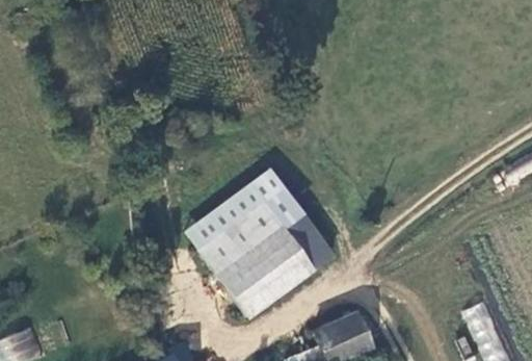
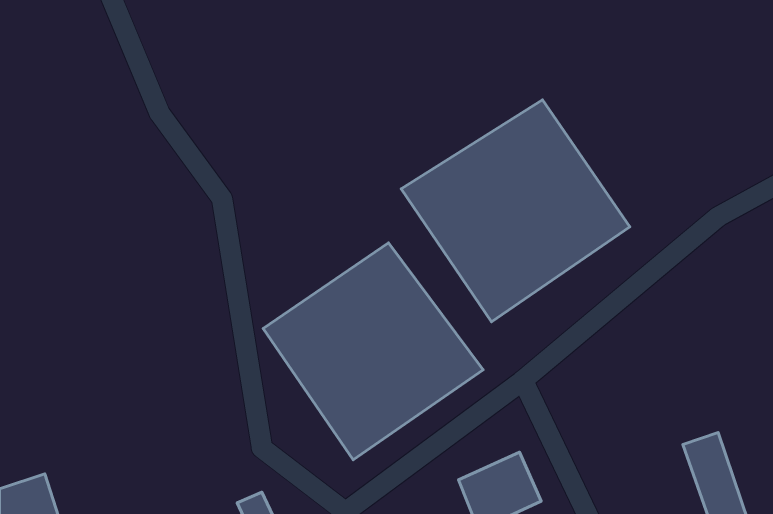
building: none -> [401,100,630,322]

